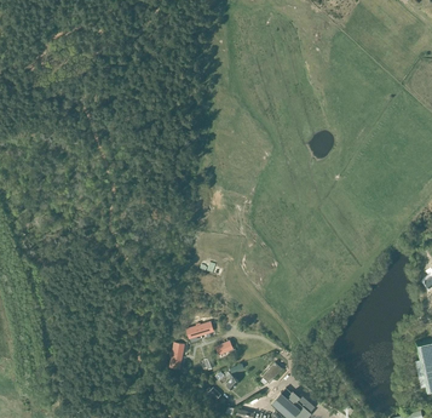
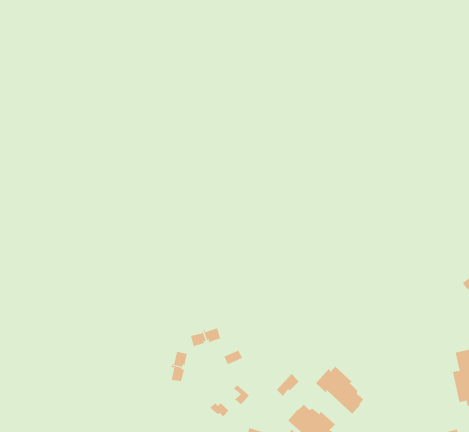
building: none -> [315,366,364,415]

